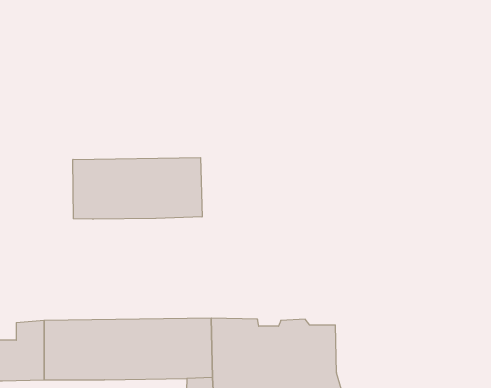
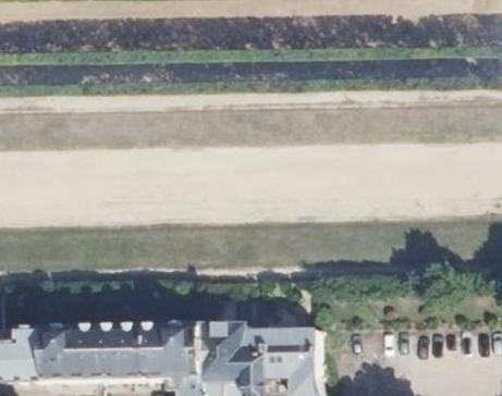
building: [73,158,202,219] -> none

